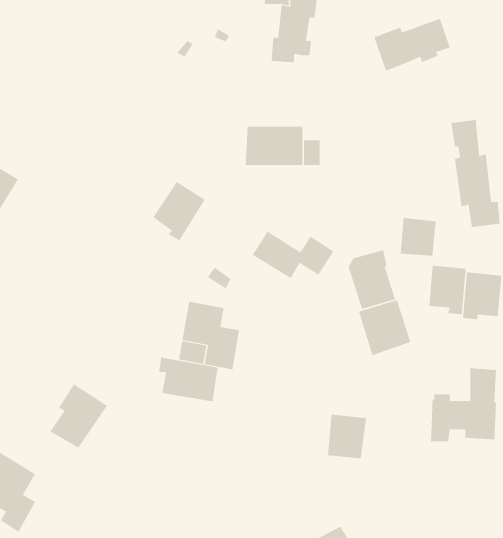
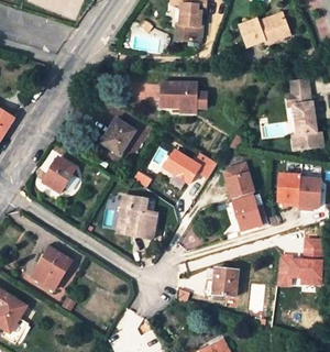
building: [400,217,436,257] -> none
building: none -> [42,156,76,193]
building: [159,357,218,402] -> none

